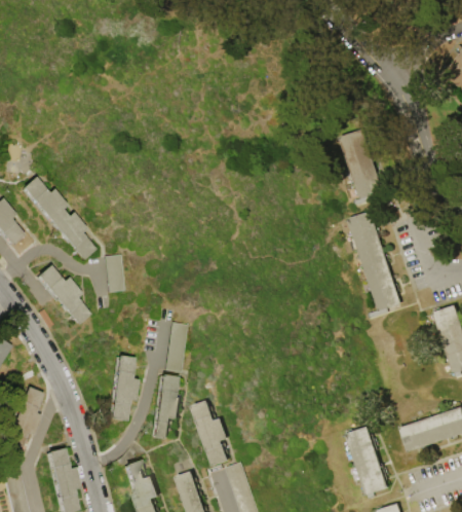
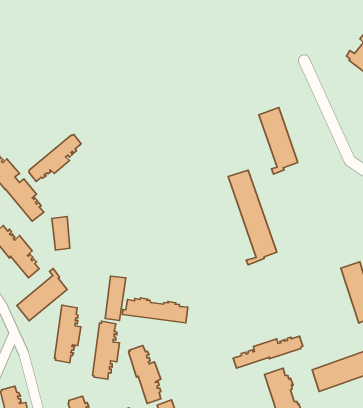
building: none -> [29,135,81,181]
building: [348,212,403,320] -> [228,170,277,265]
building: none -> [17,268,67,321]
building: none -> [122,298,188,323]
building: none -> [233,336,303,368]

